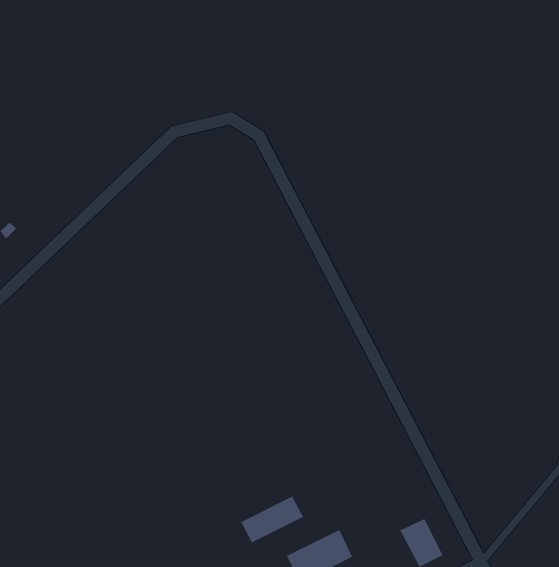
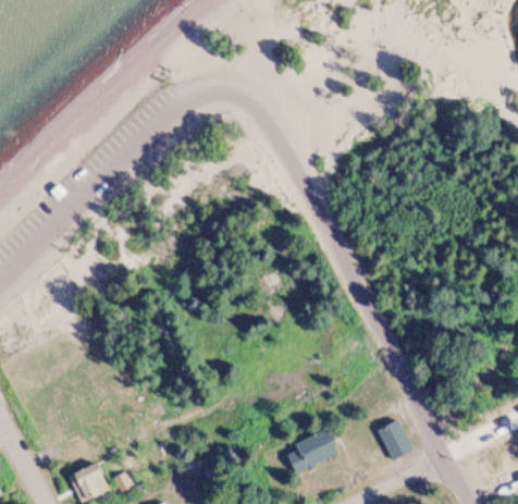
building: [240,496,304,543] -> none

